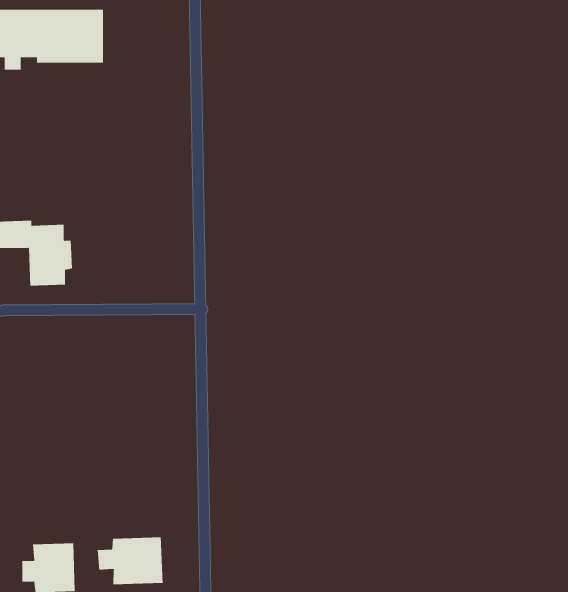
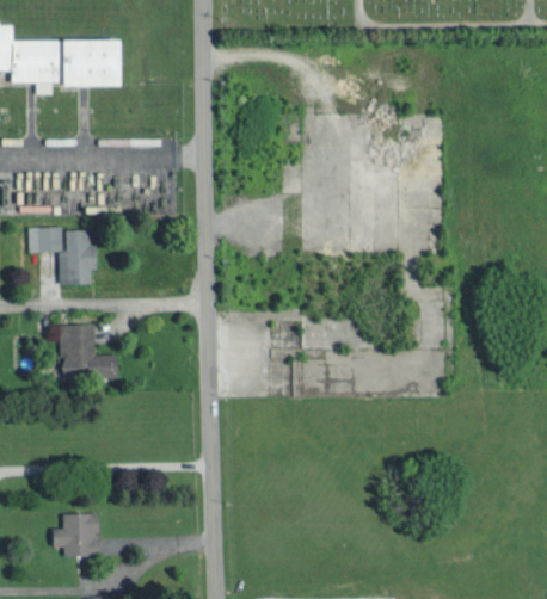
building: none -> [57,325,117,379]
building: [97,537,163,585] -> none

